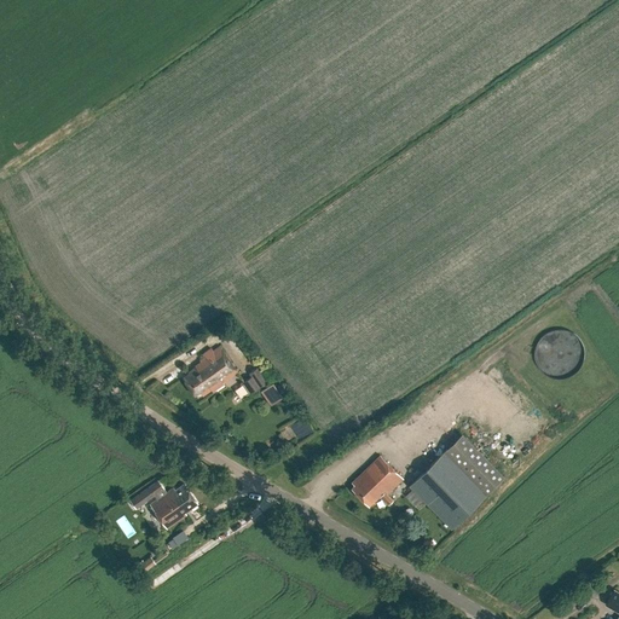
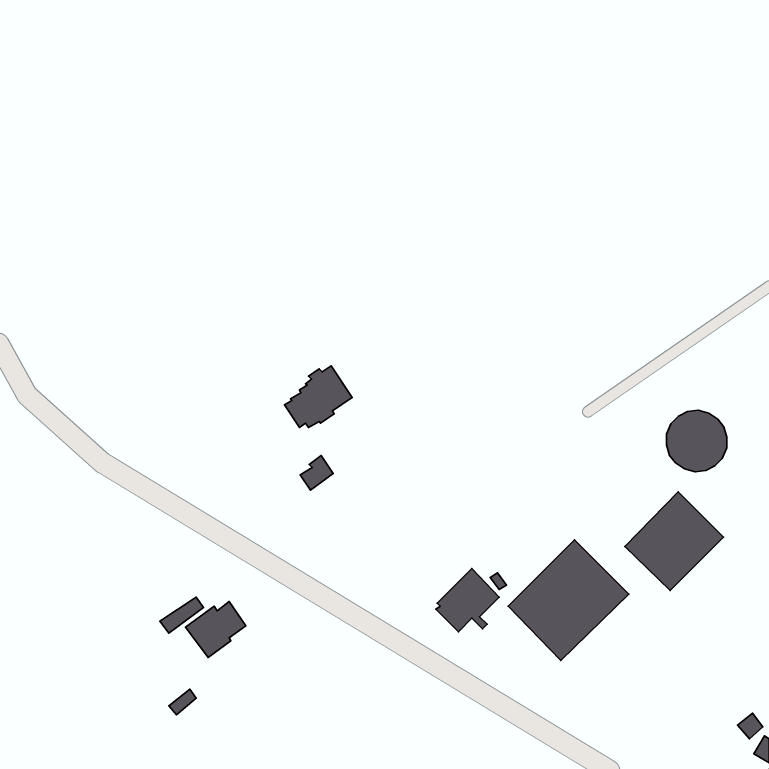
building: [183,346,237,395] -> [284,366,352,428]
building: none -> [625,492,724,591]

